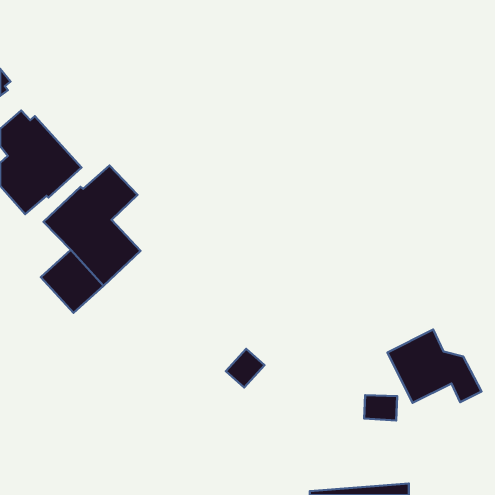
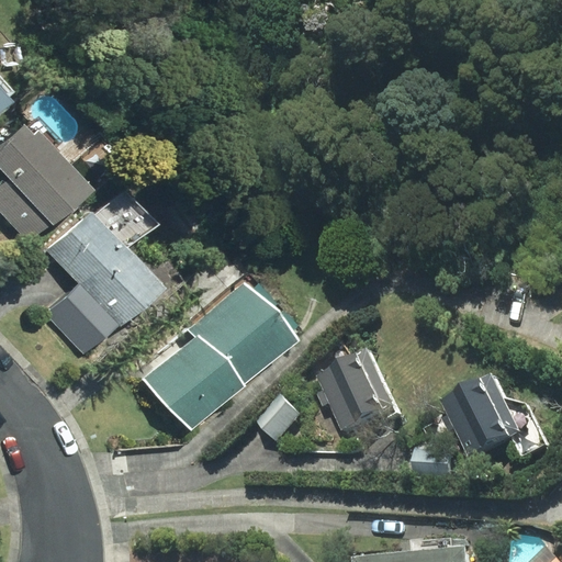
building: none -> [148,283,295,429]
building: none -> [315,349,396,429]

